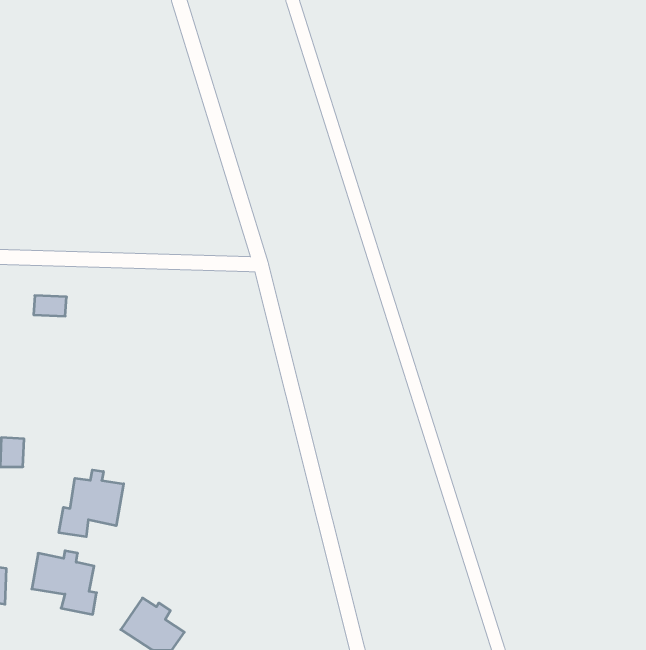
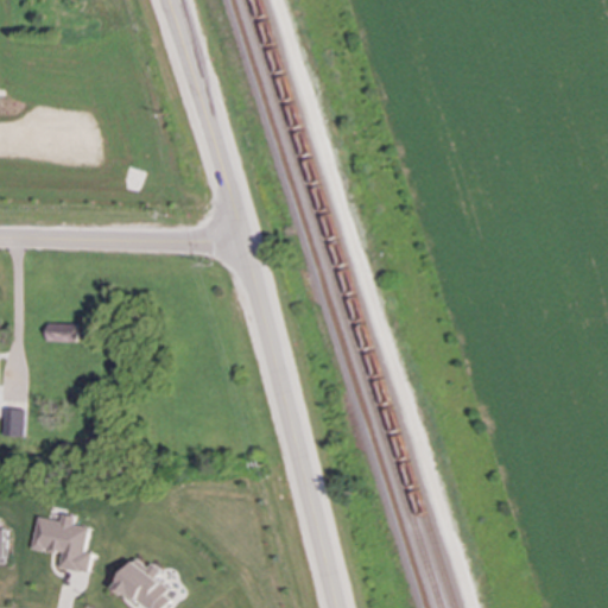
building: [34,296,67,316] -> [44,323,75,342]
building: [59,470,124,537] -> none

